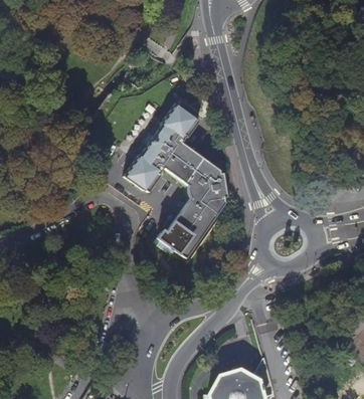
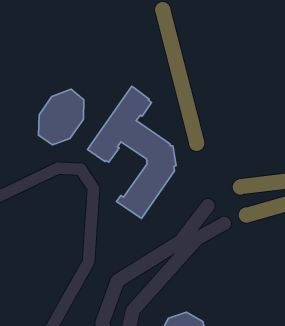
building: none -> [38,89,84,145]

